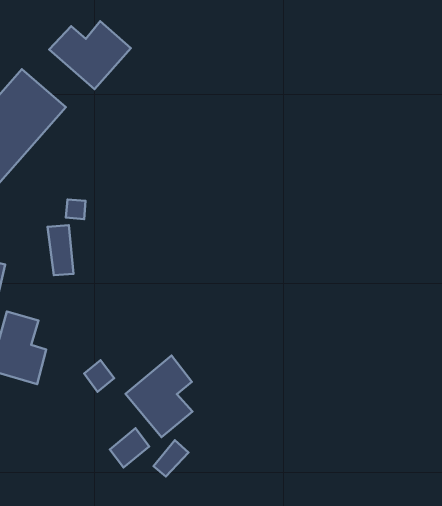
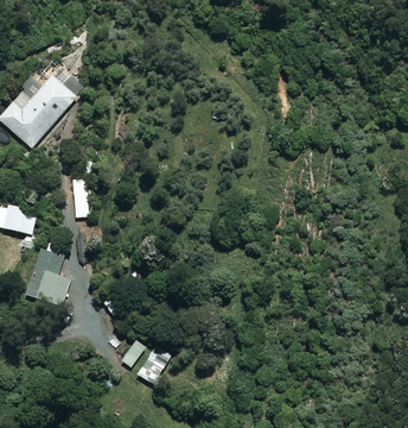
building: [49,21,131,89] -> none
building: [126,356,192,437] -> none

